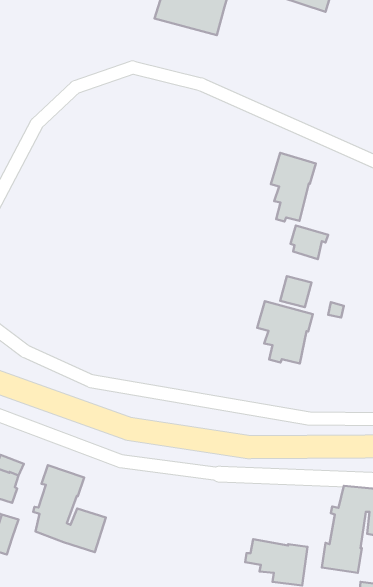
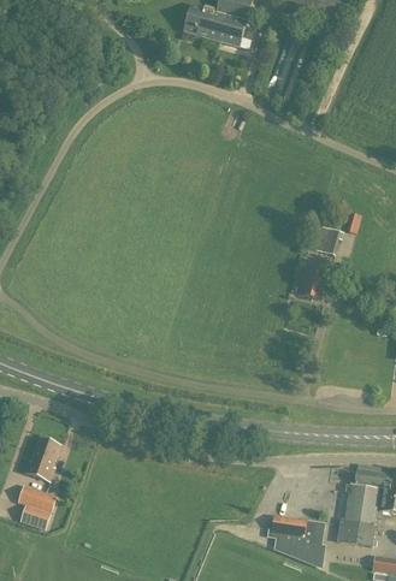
building: [271,153,316,221] -> none
building: [257,301,313,363] -> none
building: [33,465,106,552] -> none

